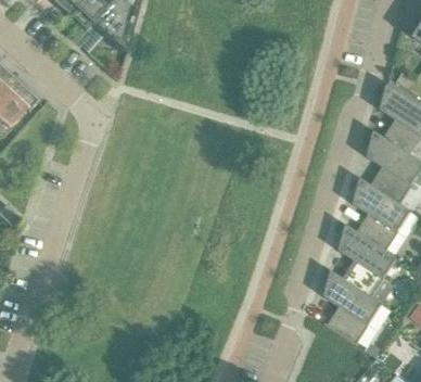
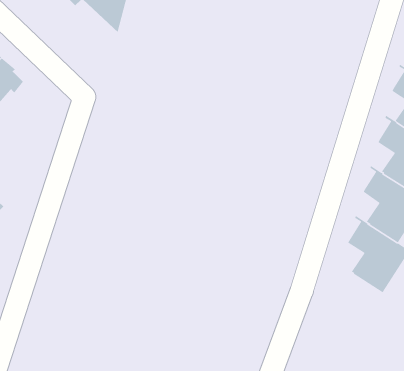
building: [322,270,381,344] -> none

